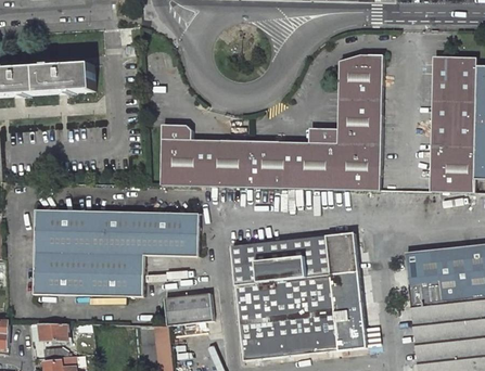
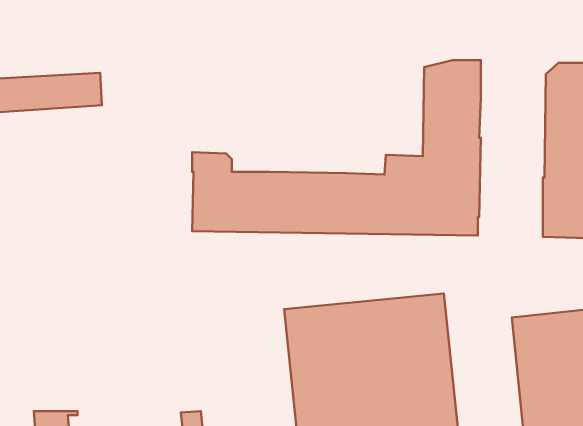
building: [34,209,199,297] -> none
building: [164,293,212,323] -> none

